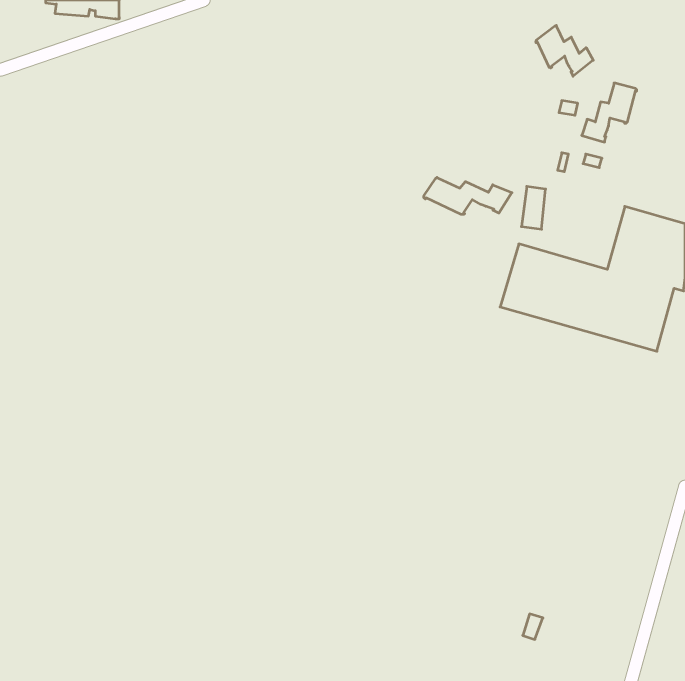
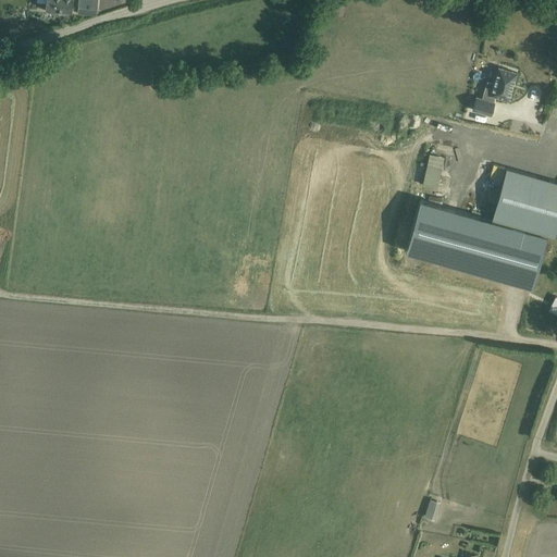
building: [536,25,593,76] -> none
building: [424,177,512,214] -> none

